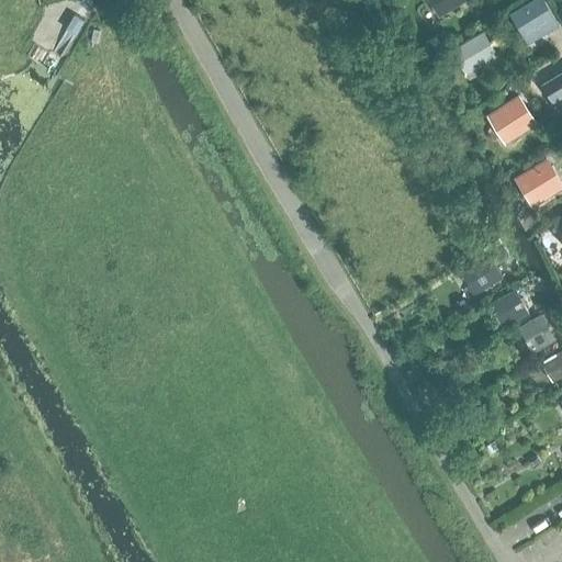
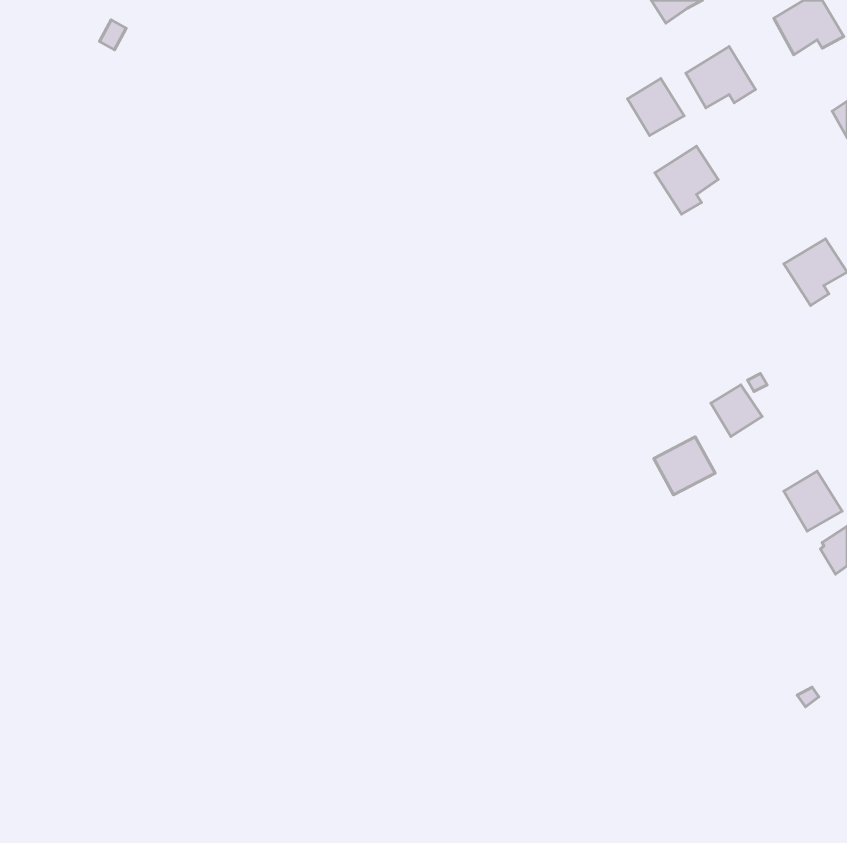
building: none -> [628,79,684,135]
building: [490,98,531,143] -> [655,146,718,214]
building: [488,291,529,329] -> [654,437,715,495]

